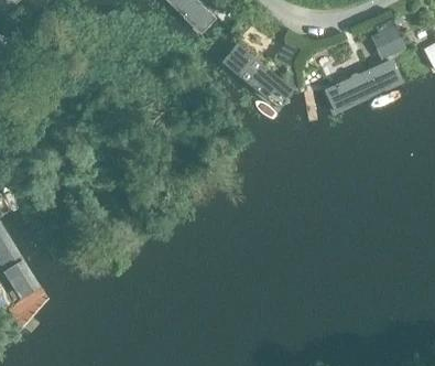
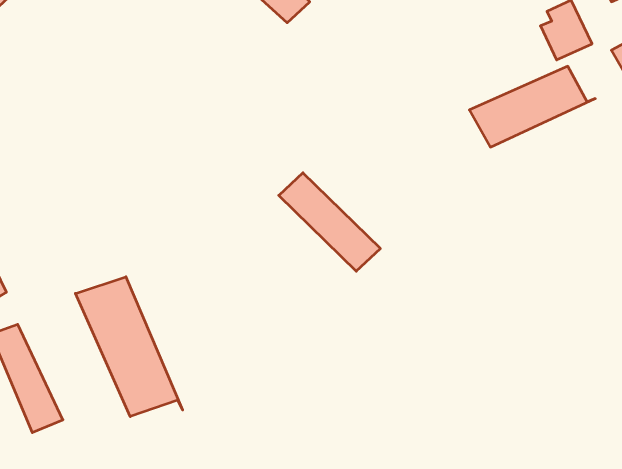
building: [226,50,295,117] -> [279,173,380,271]
building: none -> [75,277,183,417]

